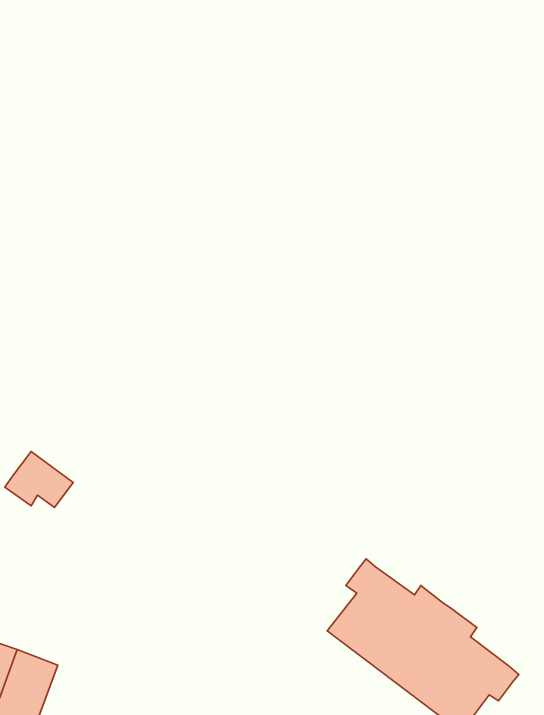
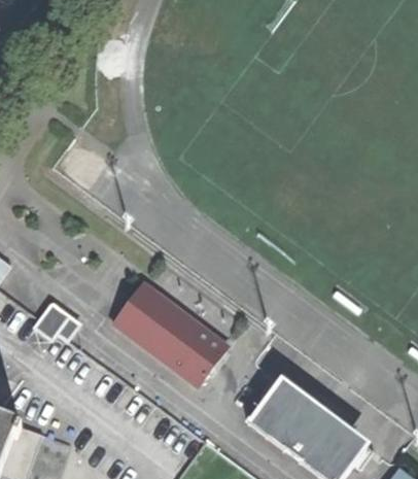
building: none -> [112,280,227,383]

